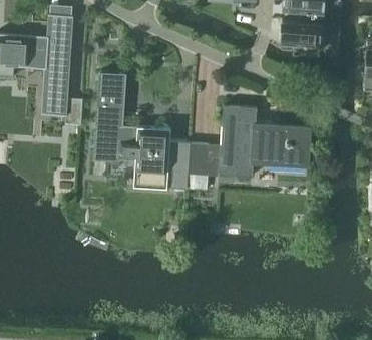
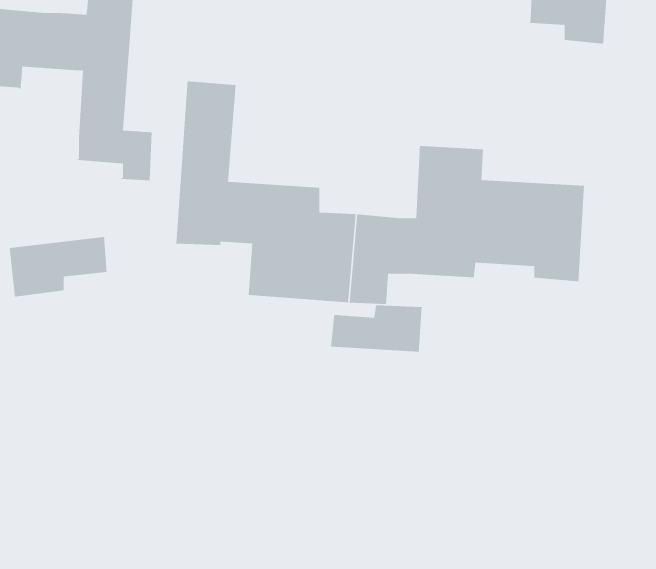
building: none -> [9,236,108,298]
building: none -> [330,304,422,353]

